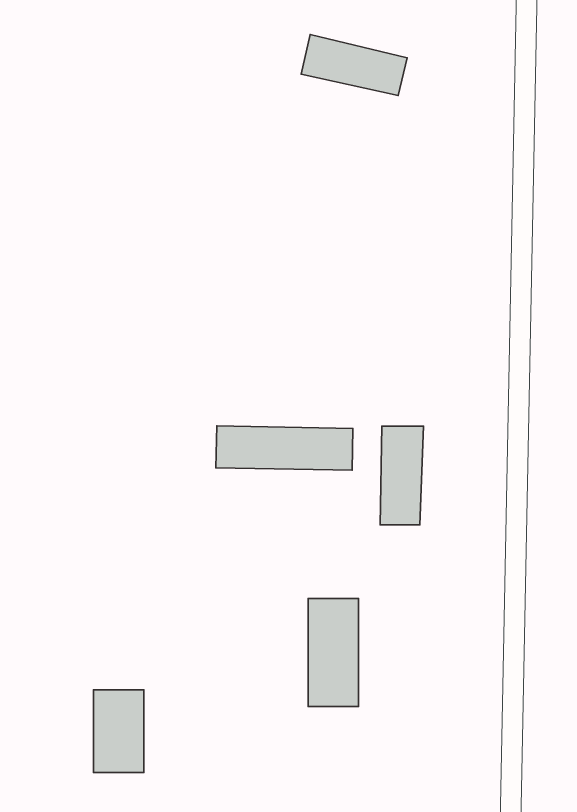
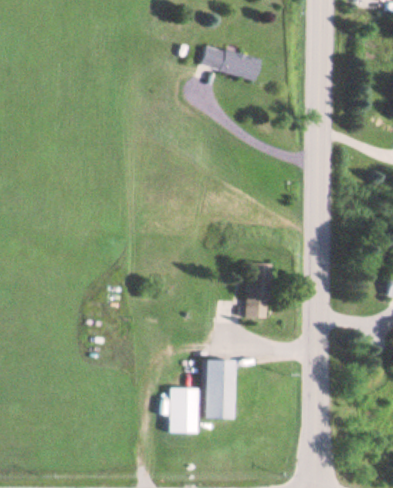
building: [216,426,353,470] -> none
building: [93,690,144,772] -> [171,387,199,433]

